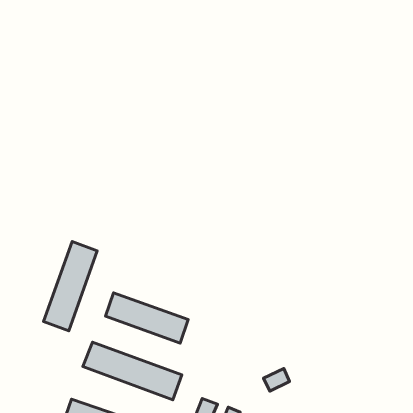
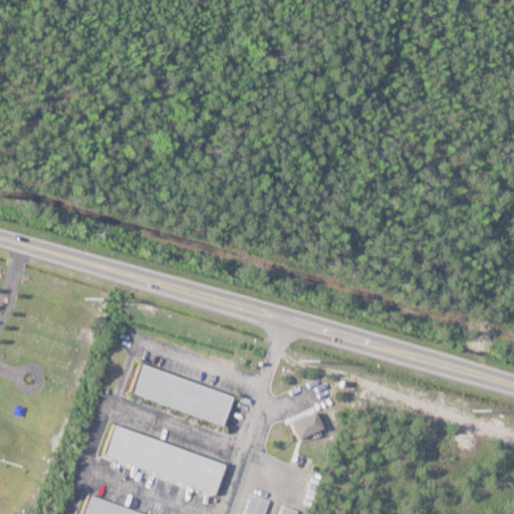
building: [44,242,97,331] -> none
building: [263,368,289,391] -> [292,414,324,442]

